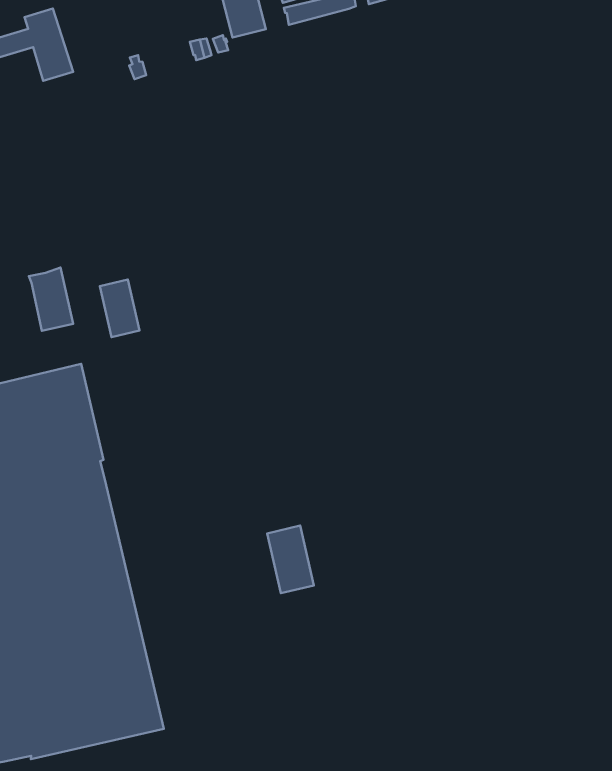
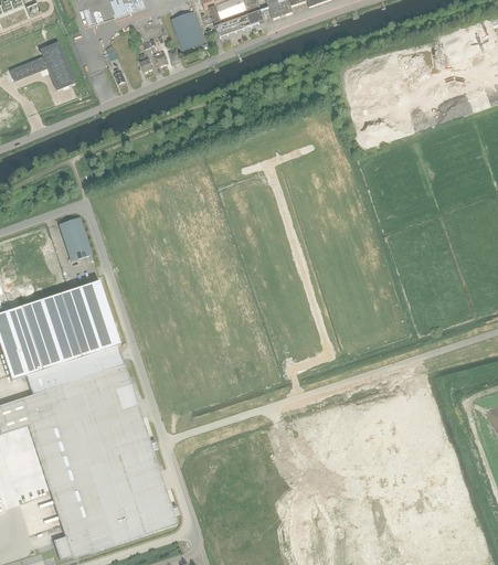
building: [100,280,139,337] -> none
building: [267,526,314,593] -> none

